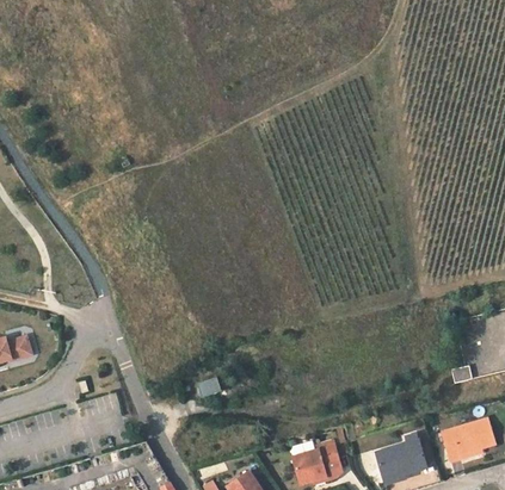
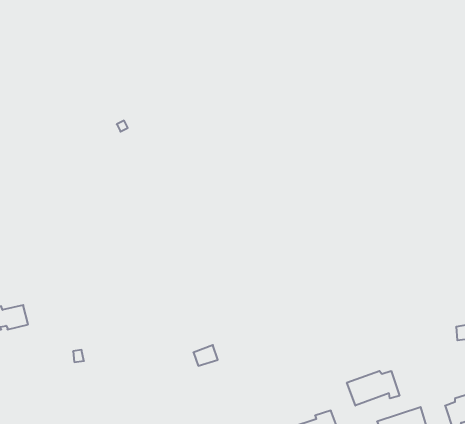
building: none -> [347,371,399,406]

